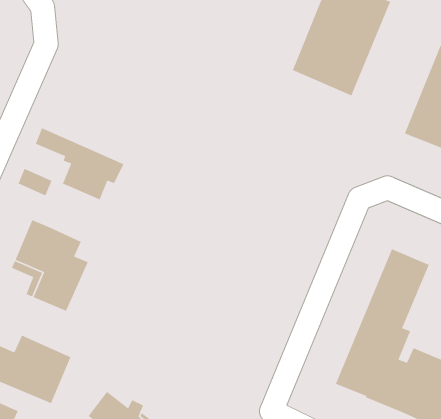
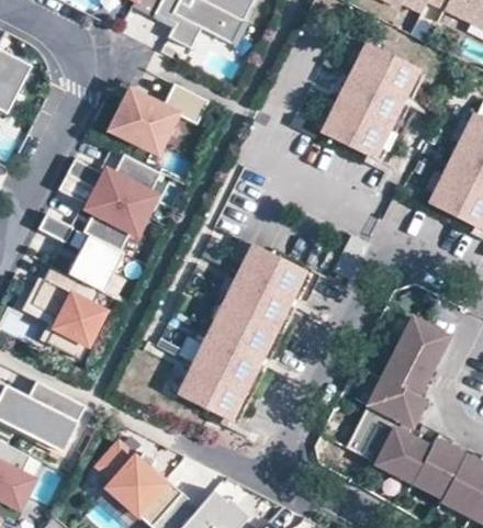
building: none -> [109,83,209,154]
building: none -> [68,155,161,216]
building: none -> [70,235,125,293]
building: none -> [180,249,312,428]

